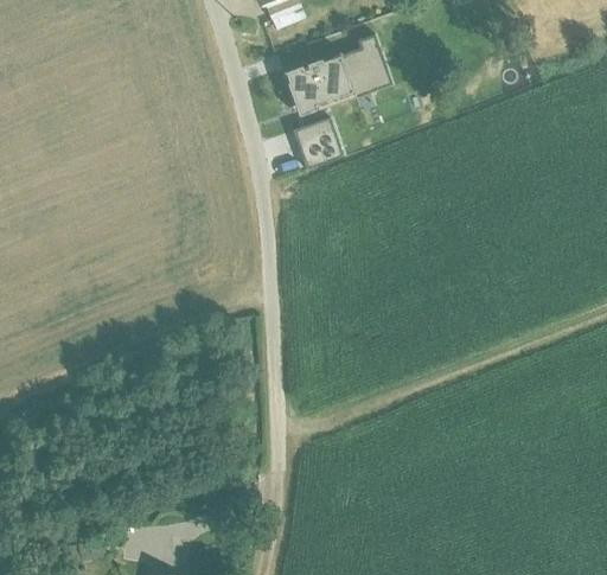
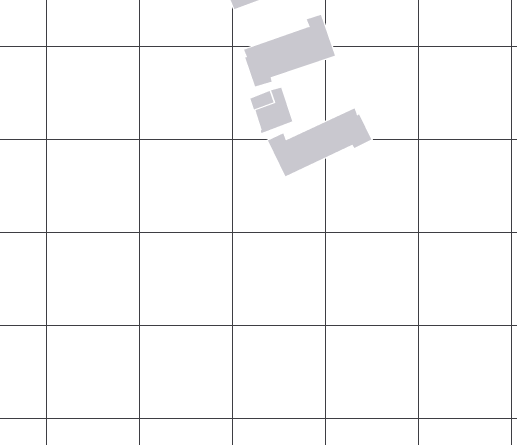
building: none -> [267,108,372,177]

